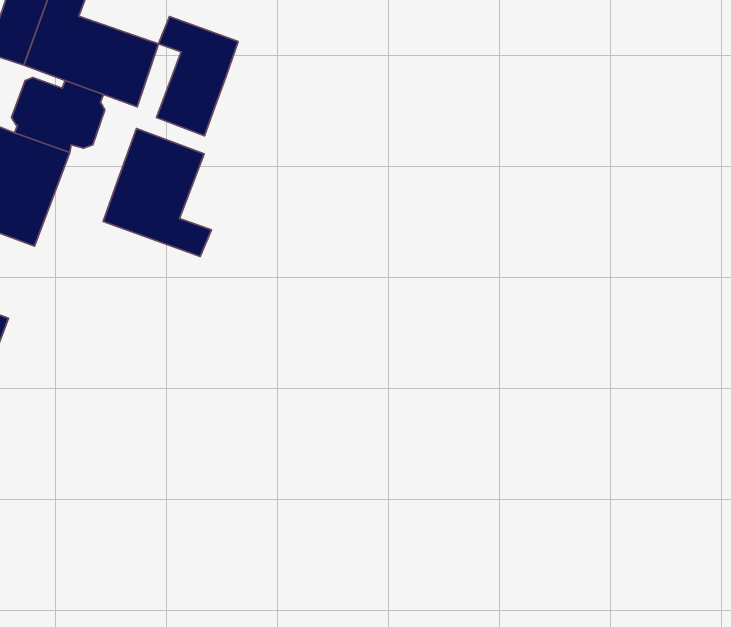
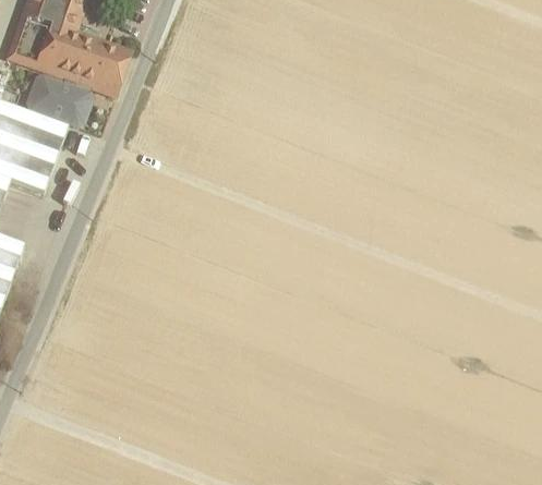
building: [156,17,238,136] -> none
building: [103,128,212,256] -> none

